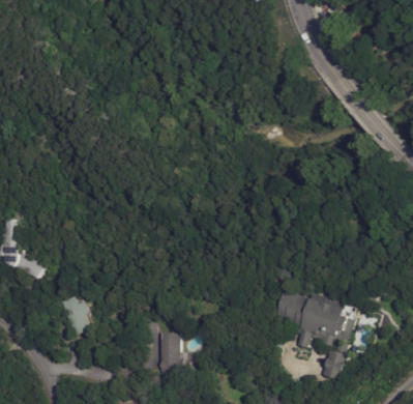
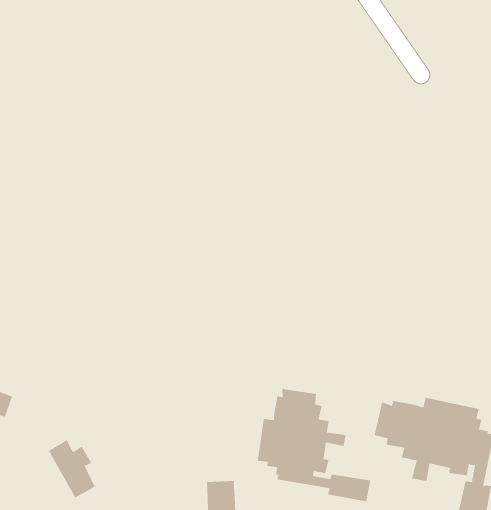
building: none -> [257,388,371,502]

